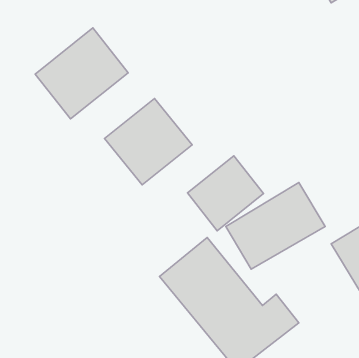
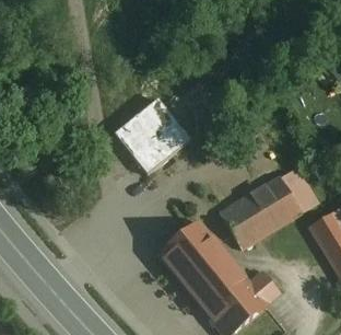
building: [35,28,128,119] -> none
building: [187,156,264,231] -> none

